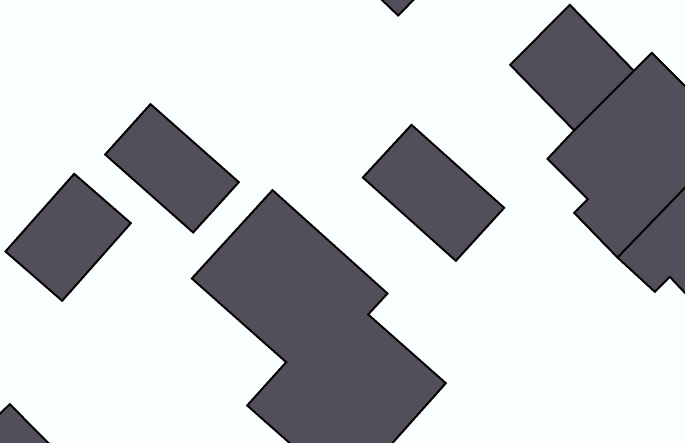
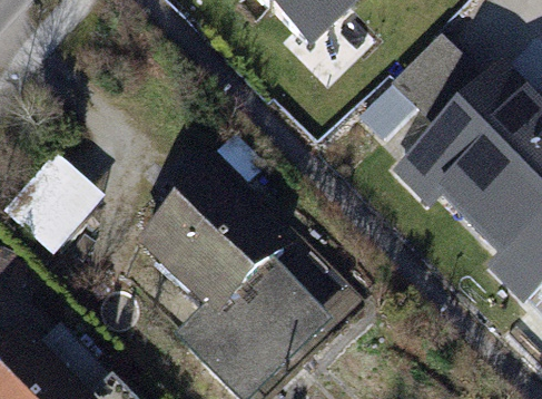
building: [105,104,239,233] -> none
building: [363,125,504,261] -> none

